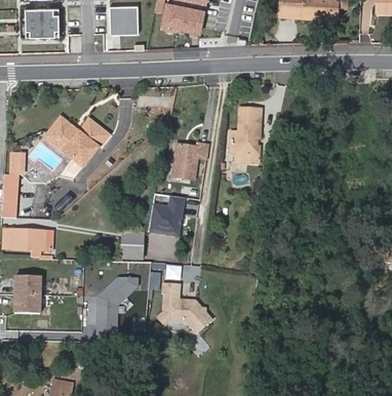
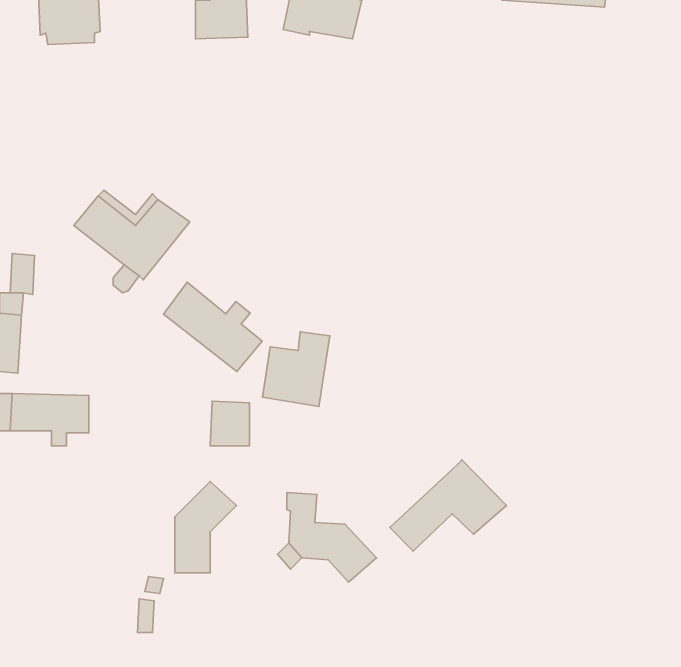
building: [232,108,260,162] -> none
building: [171,143,207,179] -> none
building: none -> [163,282,262,372]
building: none -> [390,460,507,551]
building: [13,275,40,313] -> none

